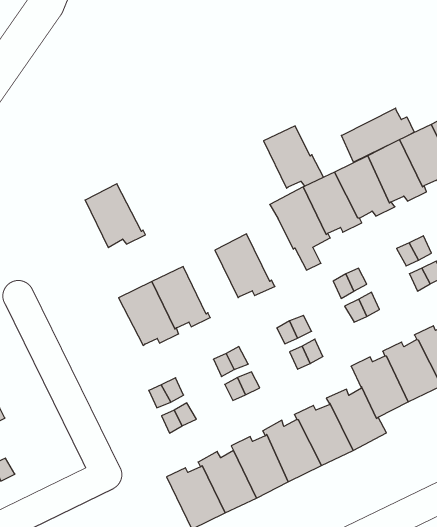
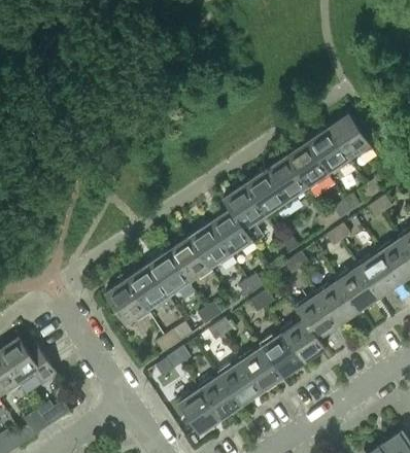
building: [341,108,414,162] -> none
building: [264,126,324,188] -> [208,210,253,254]
building: [85,184,145,248] -> [104,280,149,325]
building: none -> [167,238,211,283]

